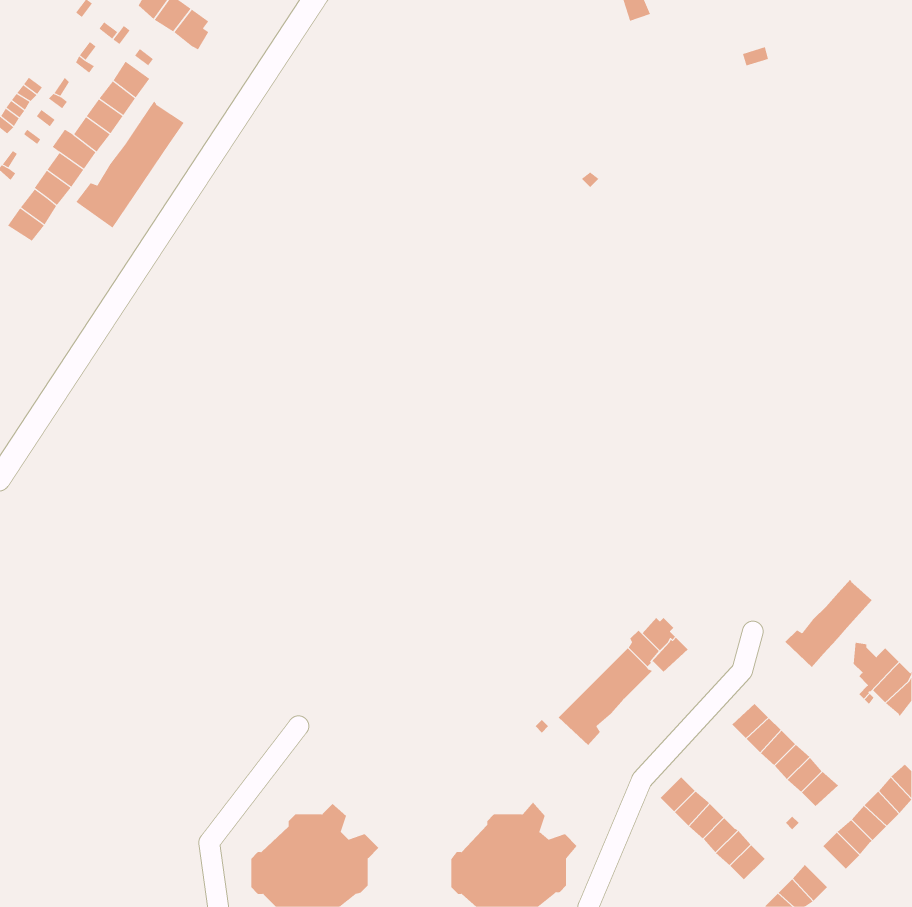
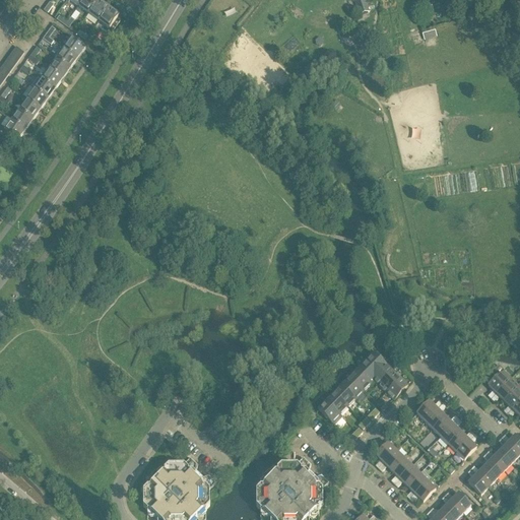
building: [76,101,184,229] -> none
building: [785,579,872,668] -> none
building: none -> [377,369,407,398]

